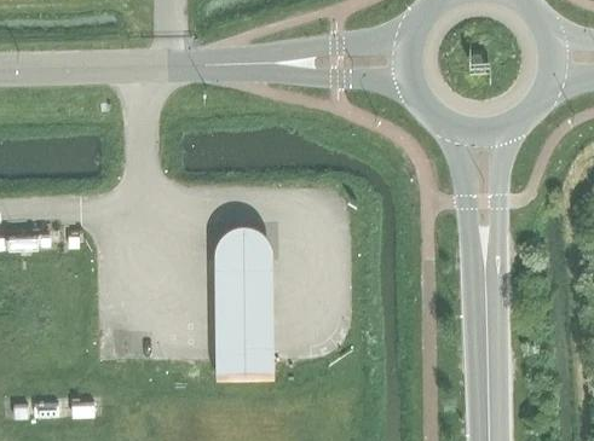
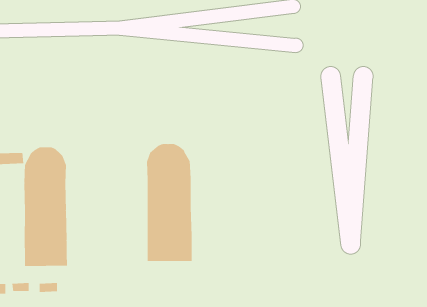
building: none -> [24,147,67,267]

